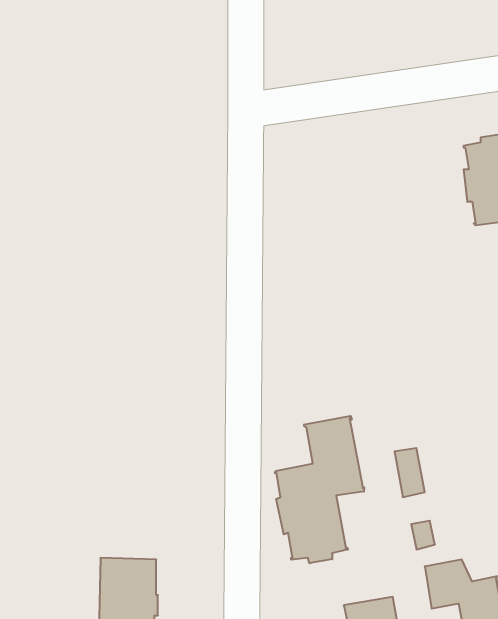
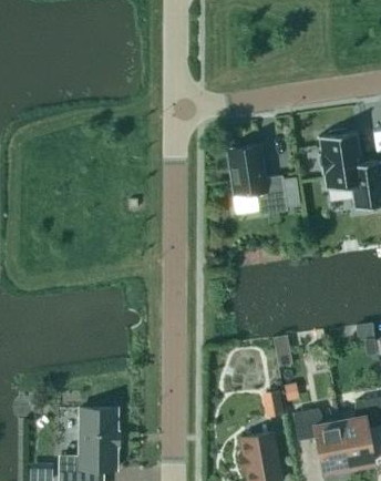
building: none -> [228,144,300,214]
building: [275,416,364,563] -> none

